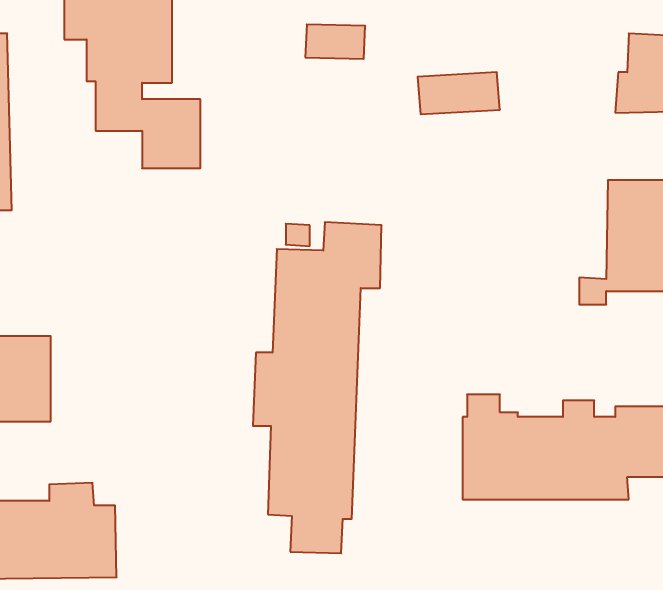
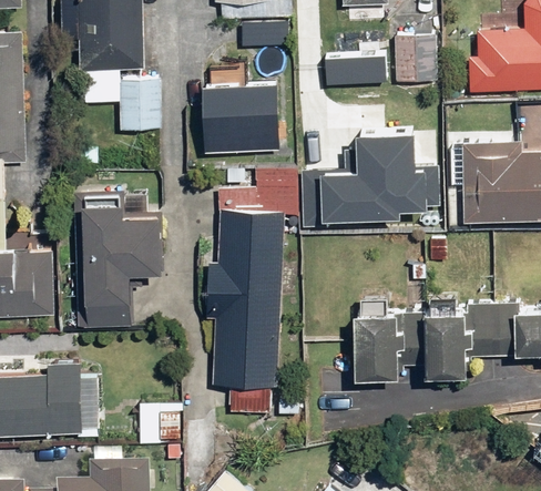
building: none -> [394,35,438,83]
building: none -> [204,83,279,150]
building: none -> [300,139,438,229]
building: none -> [86,200,161,300]

